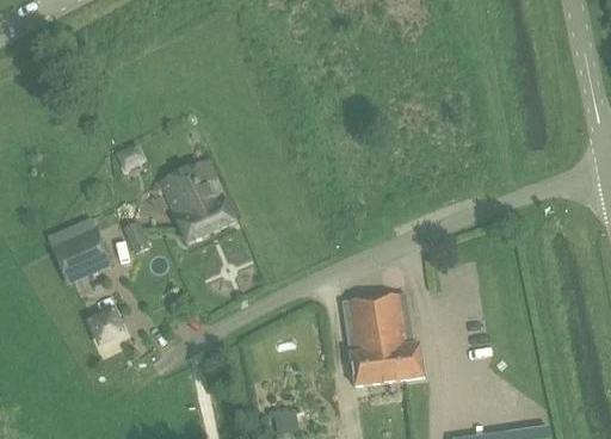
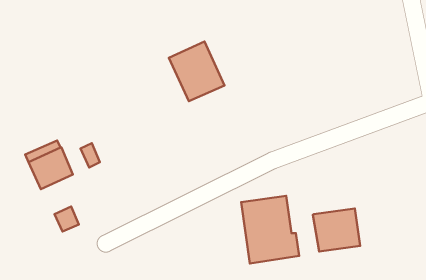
building: [159,159,235,241] -> [169,42,224,101]
building: none -> [313,208,360,252]

